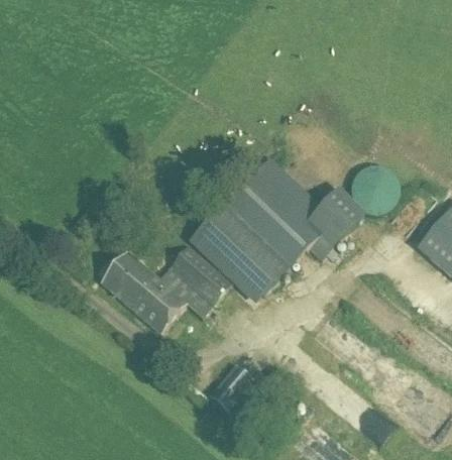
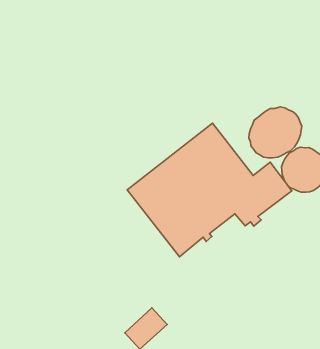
building: none -> [249,107,302,158]
building: [101,244,230,332] -> none

